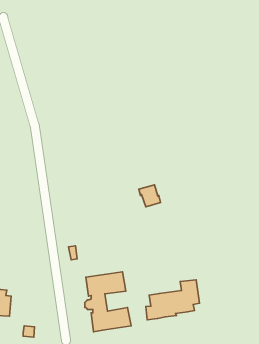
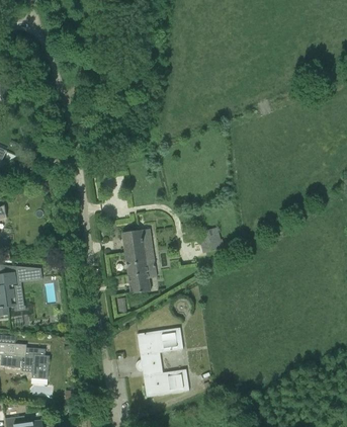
building: none -> [122,229,156,293]
building: [146,280,199,320] -> none

